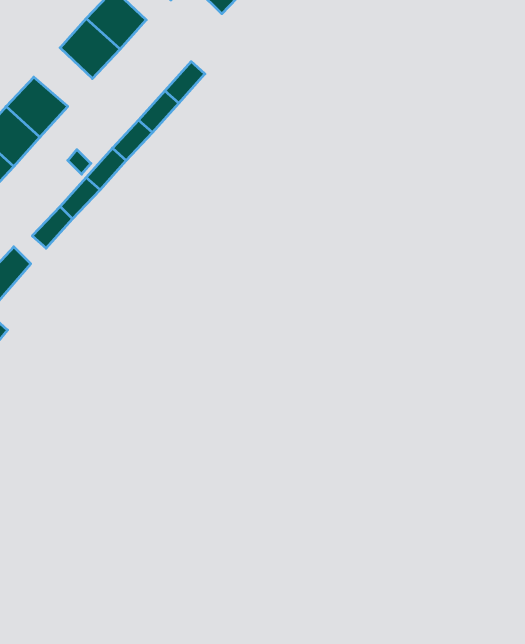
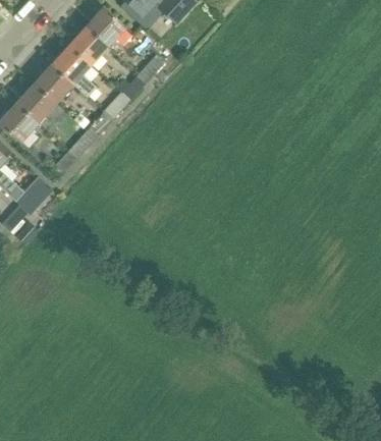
building: none -> [51,45,97,97]

